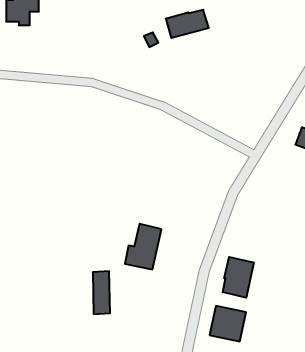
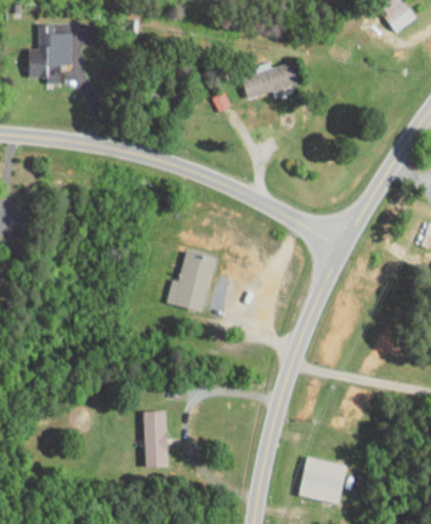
building: [125,224,161,269] -> [168,250,216,311]
building: [223,257,254,298] -> none

